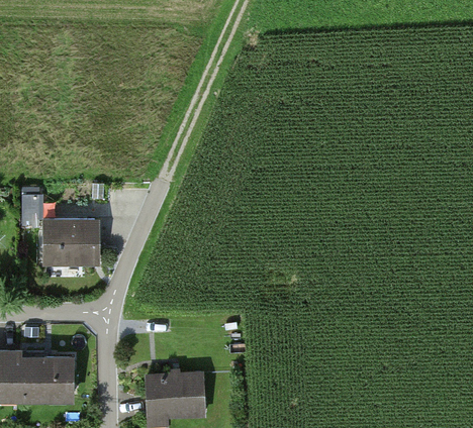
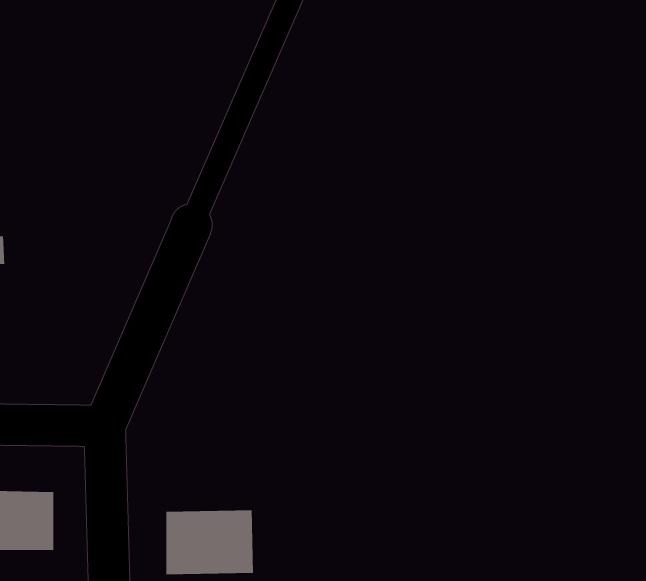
building: [43,222,95,265] -> none

